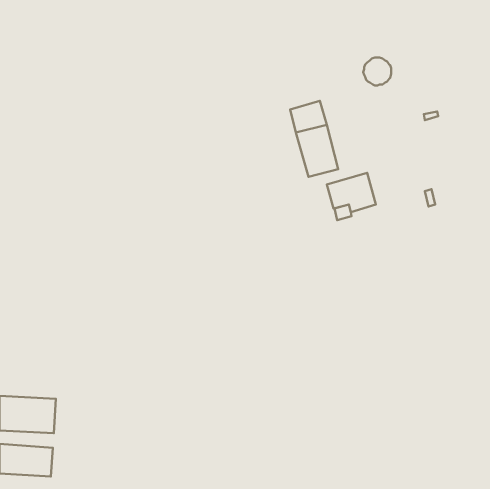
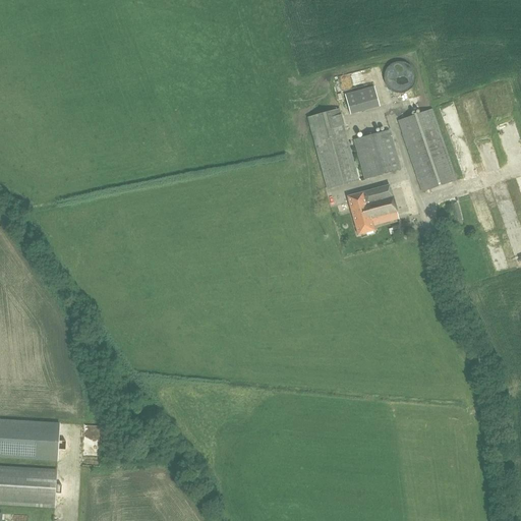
building: none -> [344,84,379,113]
building: none -> [398,107,456,190]
building: none -> [353,128,400,177]

